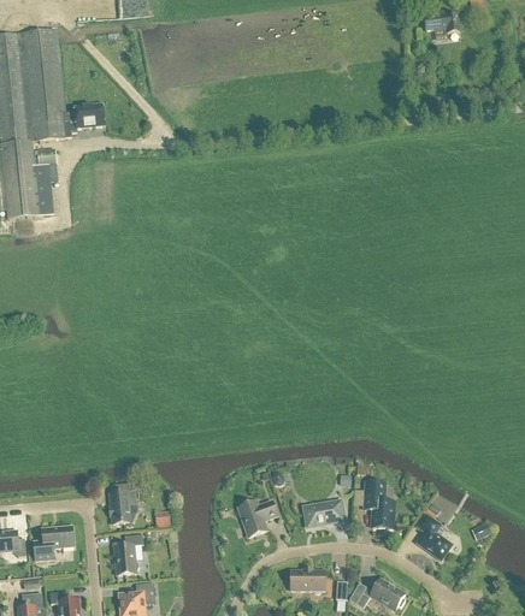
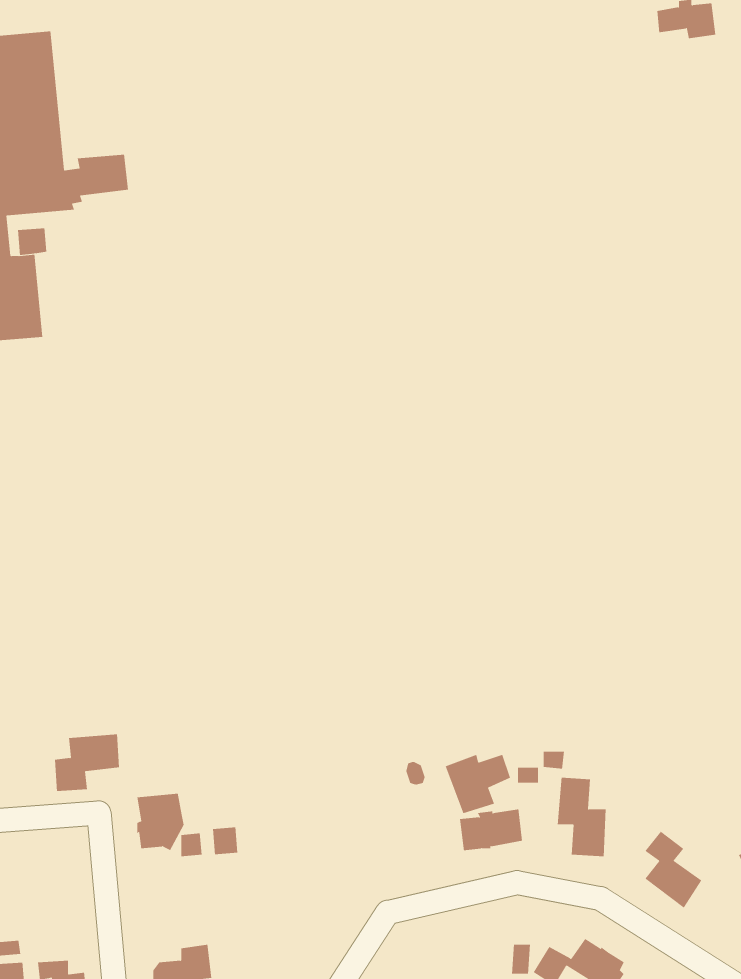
building: [236,499,276,535] -> [445,754,511,814]
building: [33,525,72,559] -> [54,734,120,791]
building: [113,533,142,574] -> none
building: [289,569,324,592] -> none

